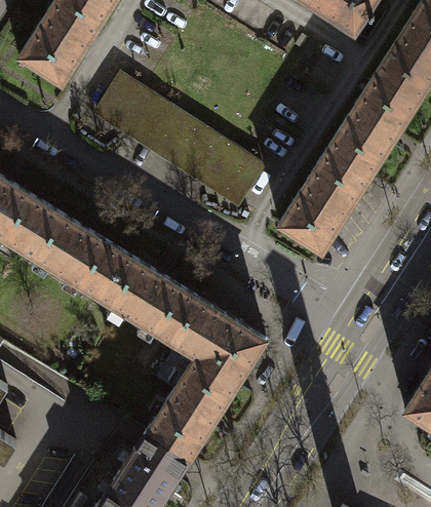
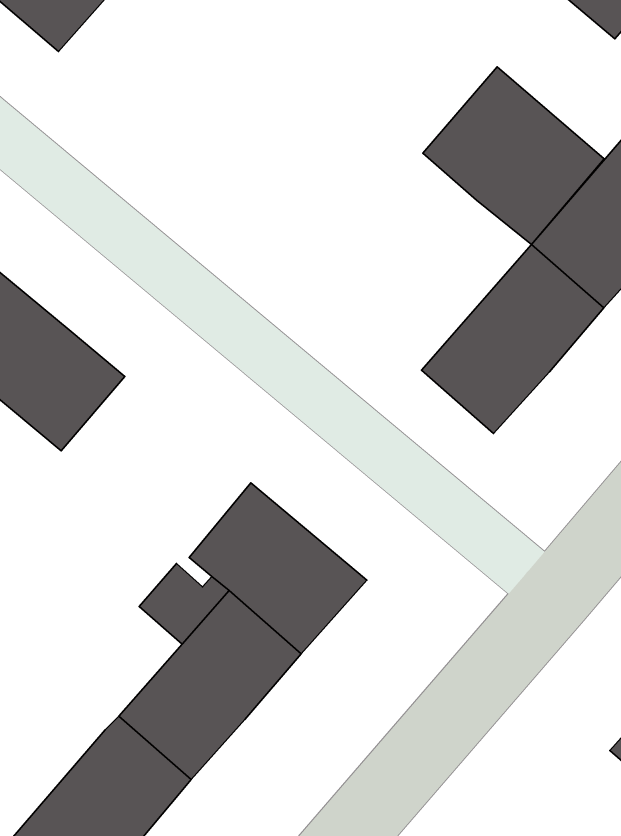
building: none -> [423,67,604,244]
building: [94,75,262,203] -> none
building: [93,251,196,342] -> none

